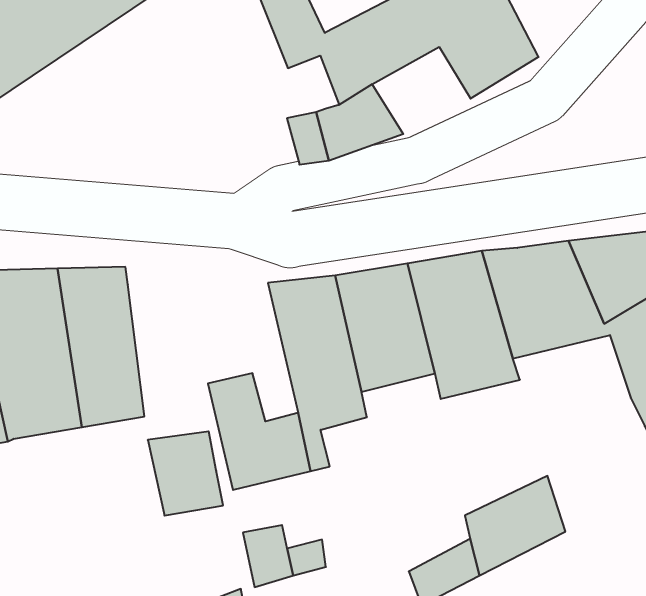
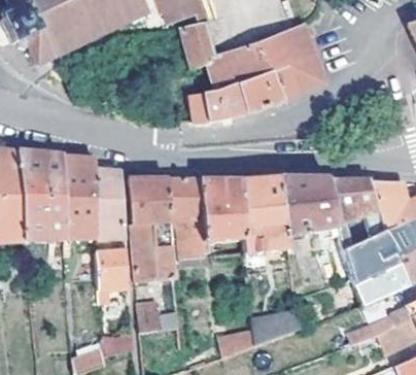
building: none -> [236,68,285,110]
building: none -> [95,168,126,237]
building: none -> [126,177,174,248]

